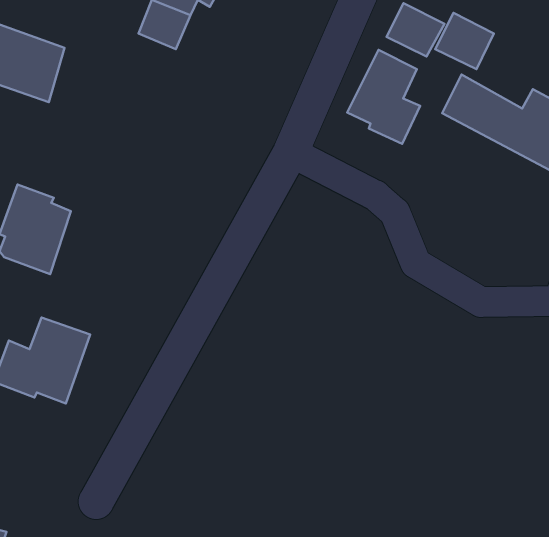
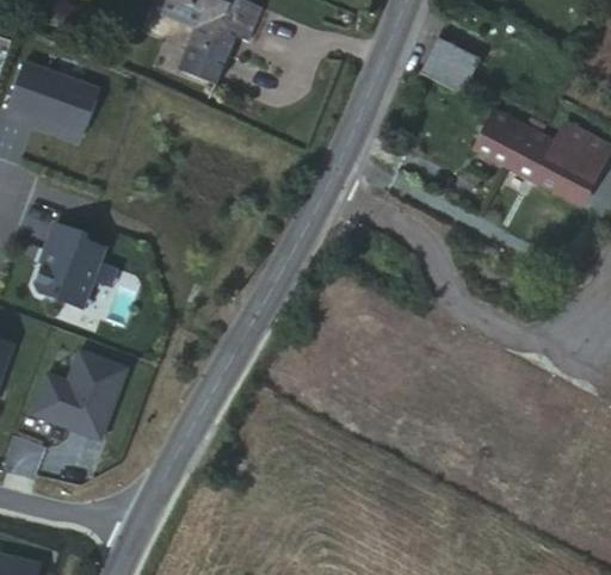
building: [435,13,494,69] -> none
building: [347,50,420,144] -> none

